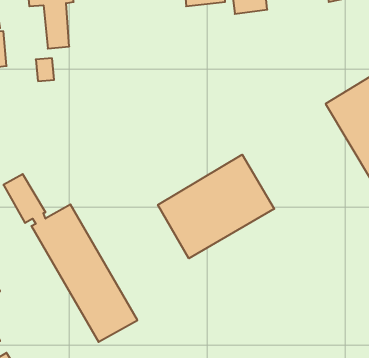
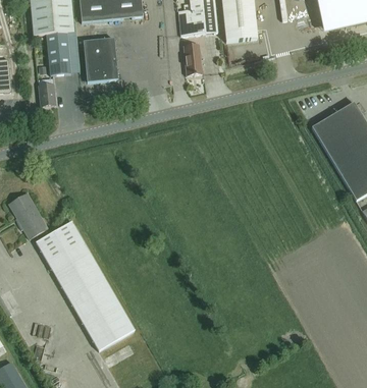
building: none -> [84,39,118,82]
building: none -> [184,45,202,76]
building: [158,155,274,258] -> none

